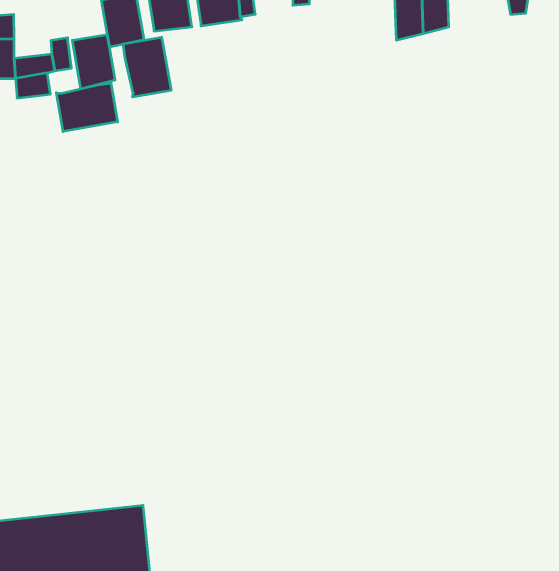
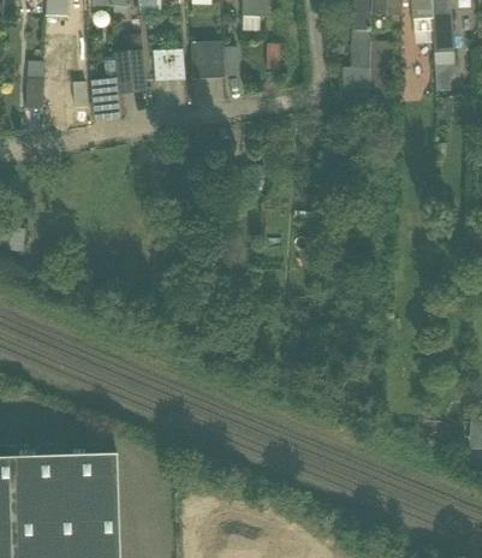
building: [123,37,171,97] -> none
building: [56,83,118,132] -> none

